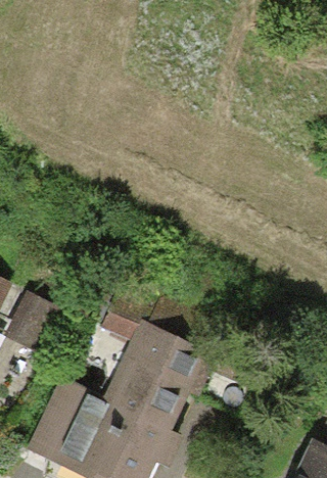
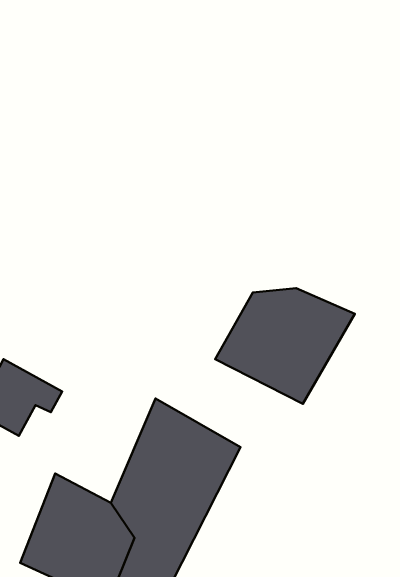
building: none -> [215,288,355,404]

